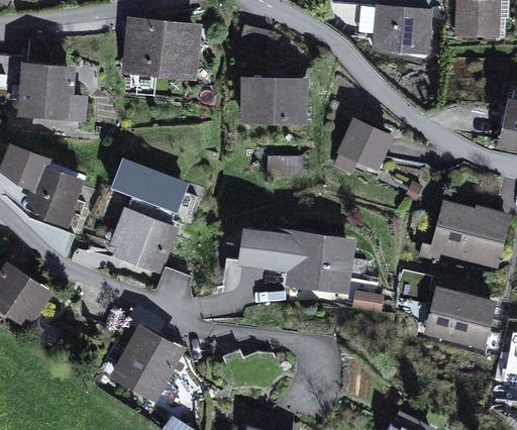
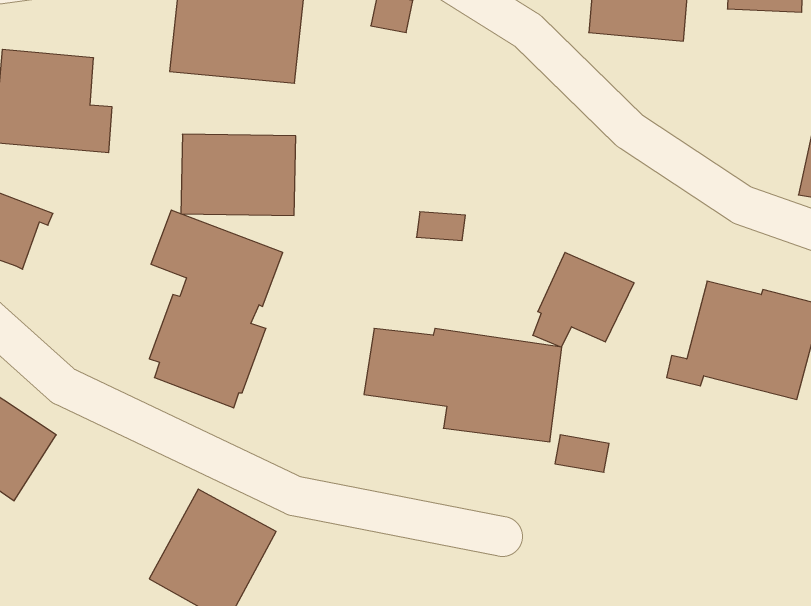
building: [239,76,308,124] -> [181,134,296,215]
building: [333,117,394,174] -> [533,252,634,347]
building: [25,164,85,228] -> none
building: [423,286,496,350] -> none

